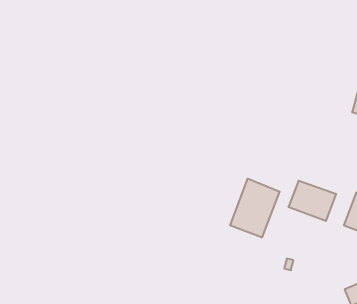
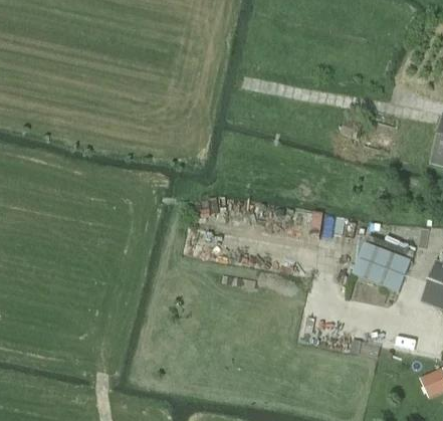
building: [230,179,280,237] -> none

